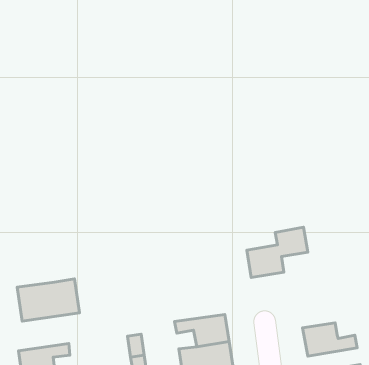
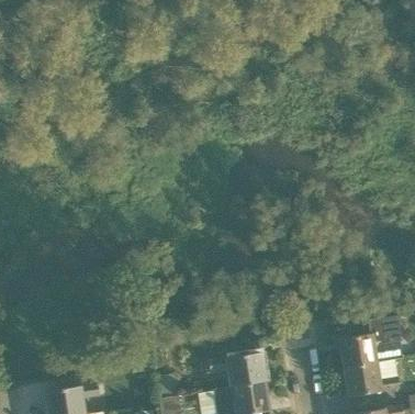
building: [247,227,308,277] -> [339,314,403,367]
building: [17,279,79,321] -> none

